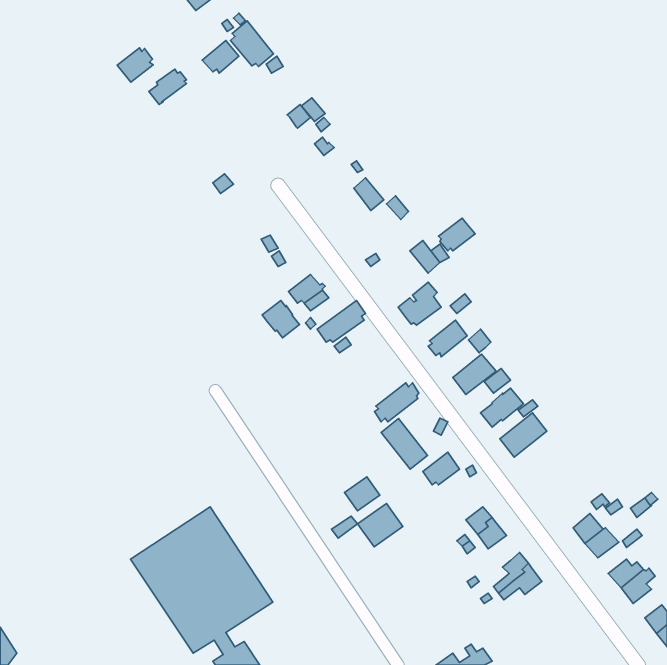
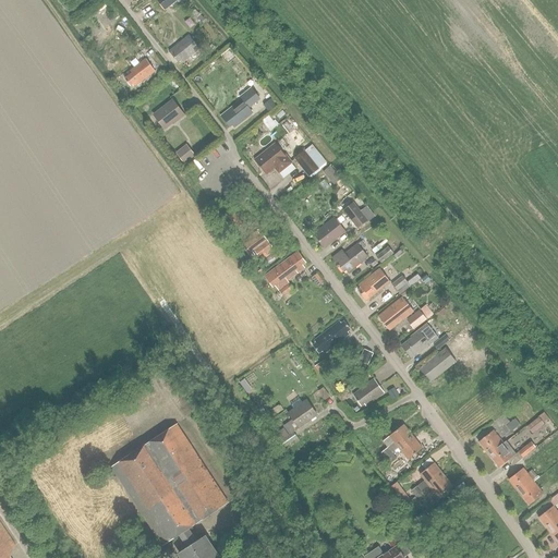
building: [231,21,274,67] -> none
building: [117,48,153,82] -> none
building: none -> [154,98,184,128]
building: none -> [221,98,252,126]
building: none -> [254,142,290,171]
building: [439,218,475,251] -> [315,217,345,244]
building: [262,300,300,338] -> none
building: [381,419,427,469] -> none
building: [358,504,403,547] -> none

